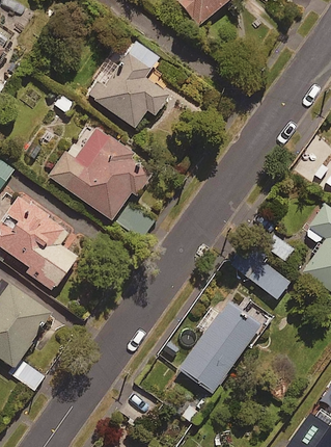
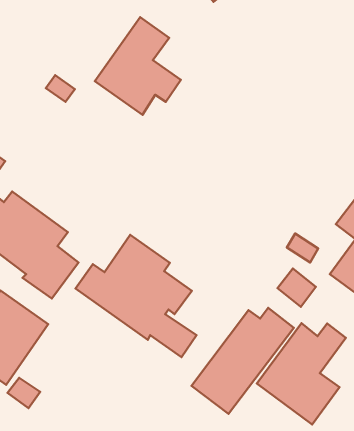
building: [48,126,156,235] -> [76,235,197,357]
building: none -> [257,323,346,424]

